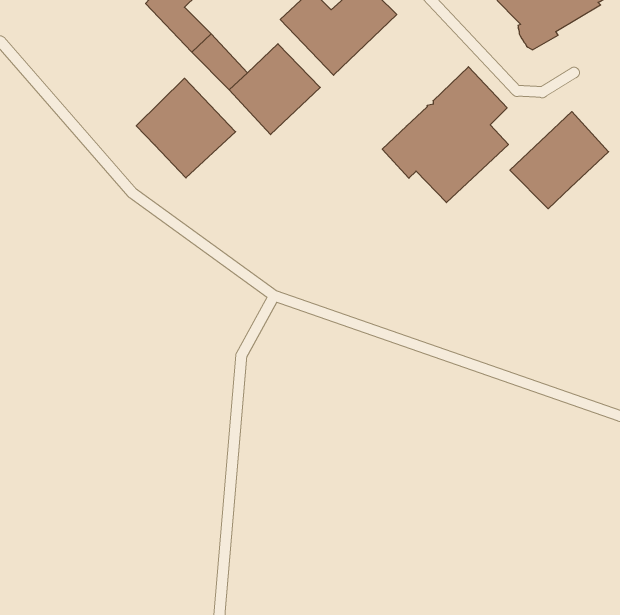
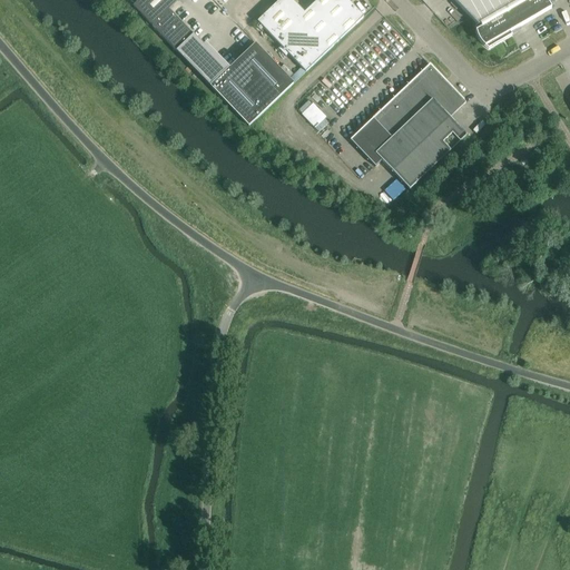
building: [136,78,236,178] -> none
building: [510,112,609,209] -> none

